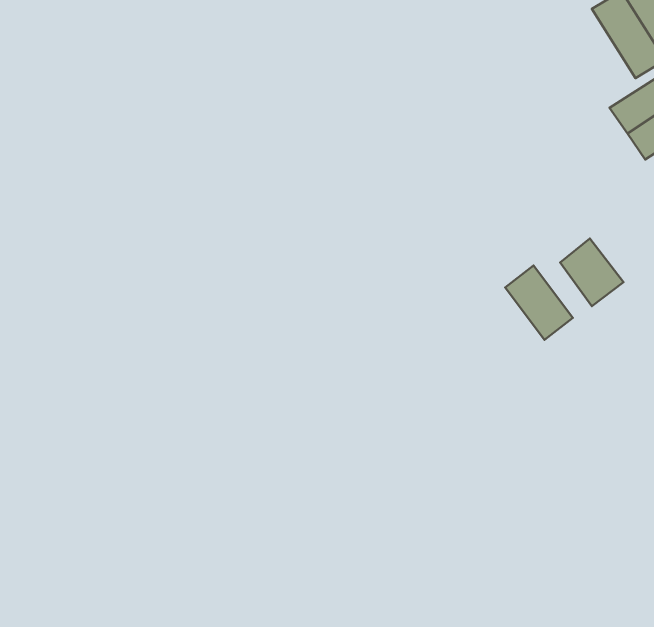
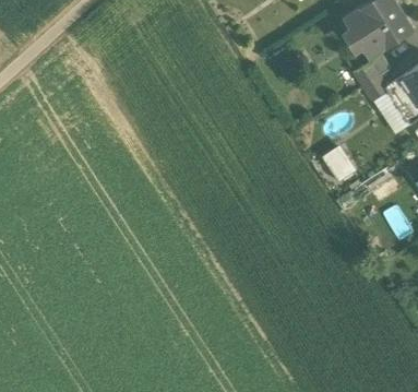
building: [505,266,573,340] -> none

